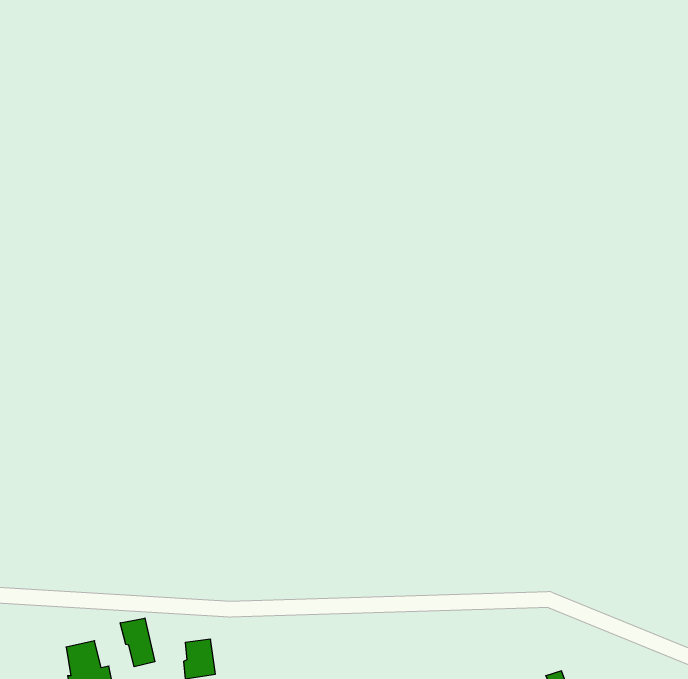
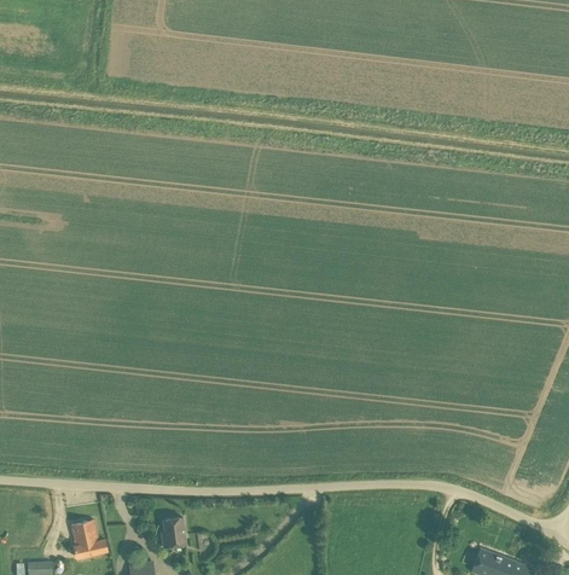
building: [120,618,155,667] -> none

